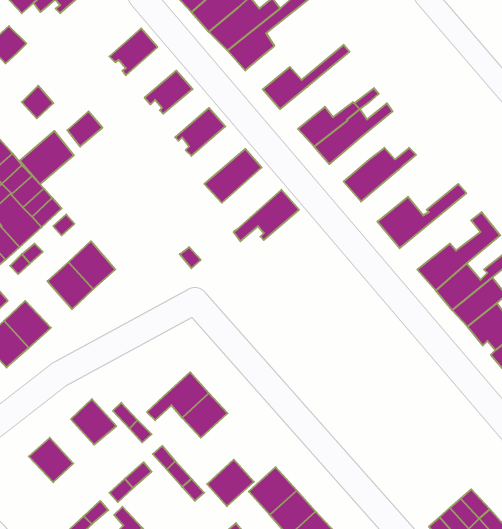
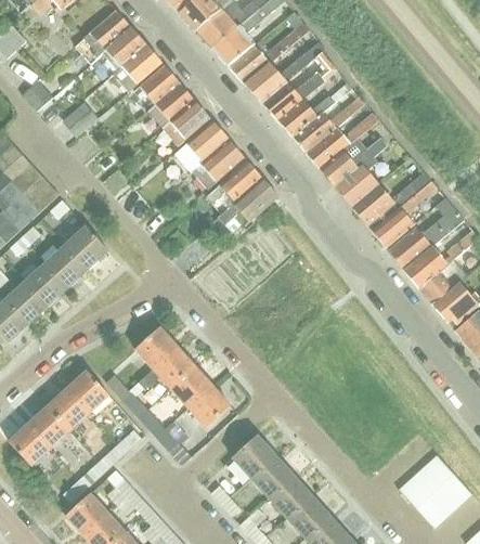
building: none -> [76,9,132,63]
building: none -> [229,23,312,83]
building: none -> [113,44,163,92]
building: none -> [261,54,338,120]
building: none -> [148,83,195,128]
building: none -> [307,112,379,169]
building: none -> [172,120,229,174]
building: [20,131,74,184] -> none
building: none -> [336,155,379,206]
building: none -> [206,159,262,213]
building: none -> [372,180,439,247]
building: none -> [25,261,68,305]
building: none -> [135,326,178,368]
building: none -> [48,389,89,430]
building: none -> [9,424,51,466]
building: [207,460,254,506] -> [187,384,231,427]

